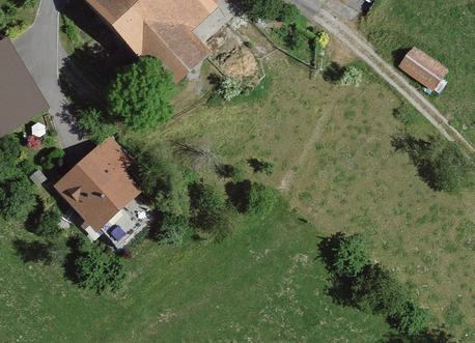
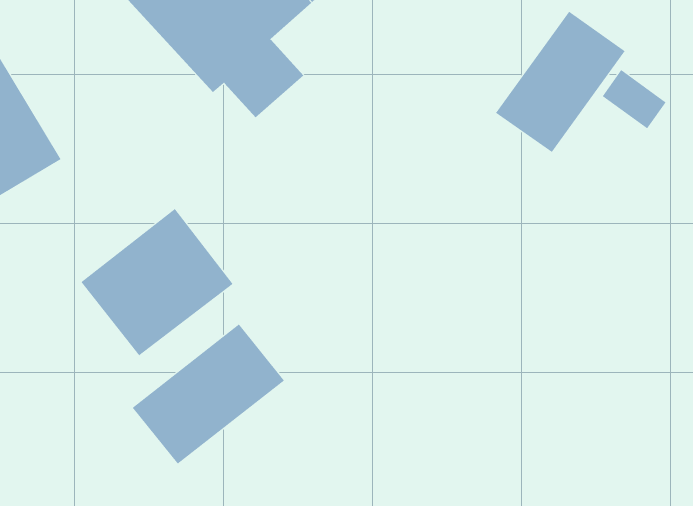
building: none -> [495,11,626,153]
building: none -> [132,324,285,465]

